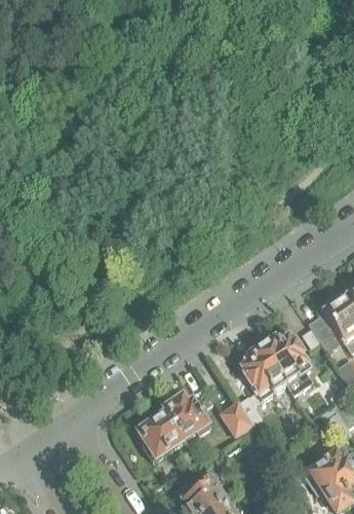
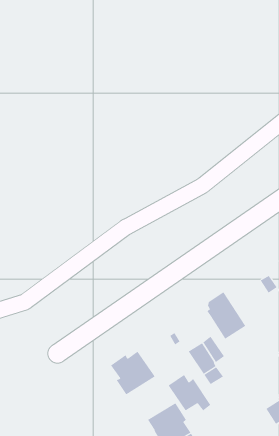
building: [261,332,312,392] -> none
building: [163,394,211,435] -> [168,374,211,411]

